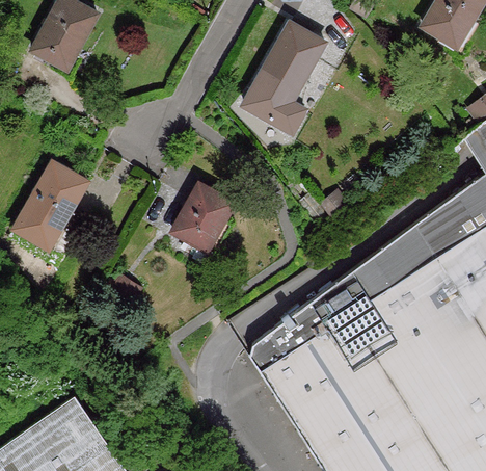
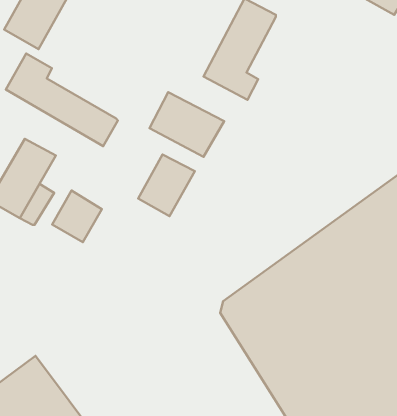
building: none -> [6,53,118,146]
building: none -> [149,92,224,157]
building: none -> [52,190,102,242]

